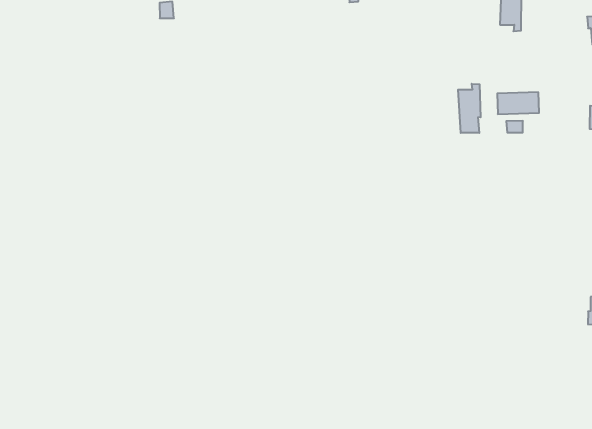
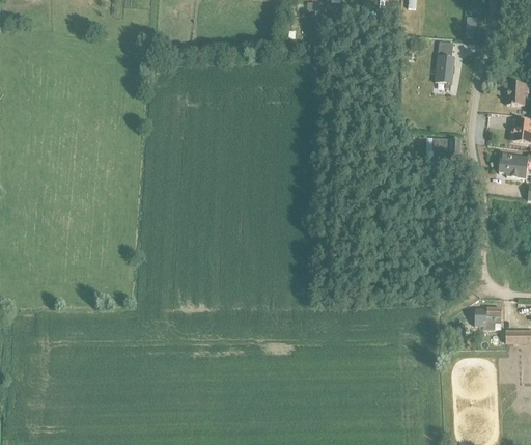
building: [458,84,481,133] -> none

